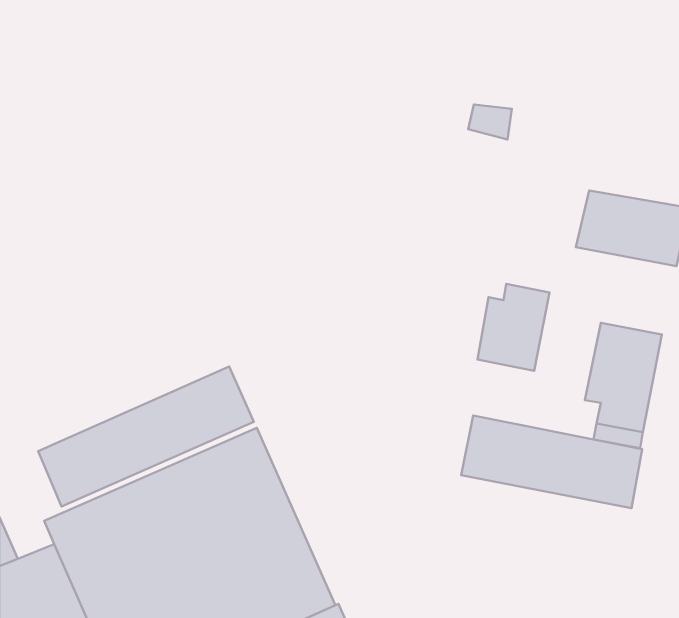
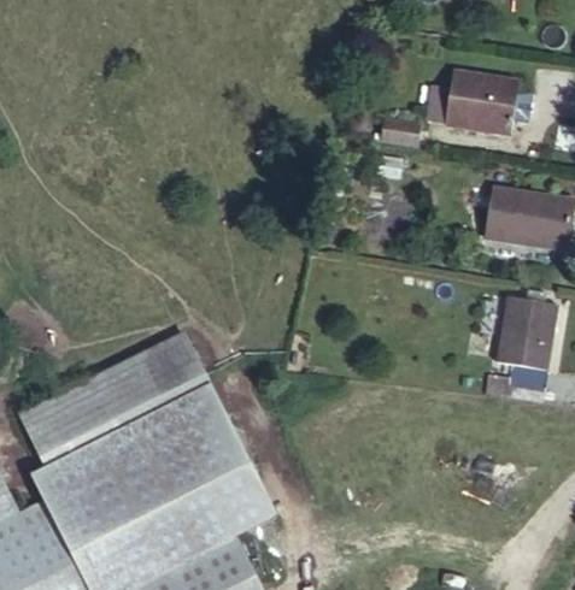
building: none -> [427,69,518,129]
building: [477,284,550,371] -> none
building: [461,416,642,508] -> none

